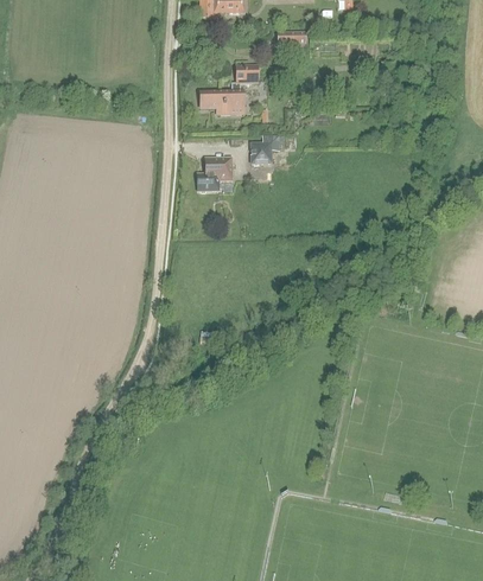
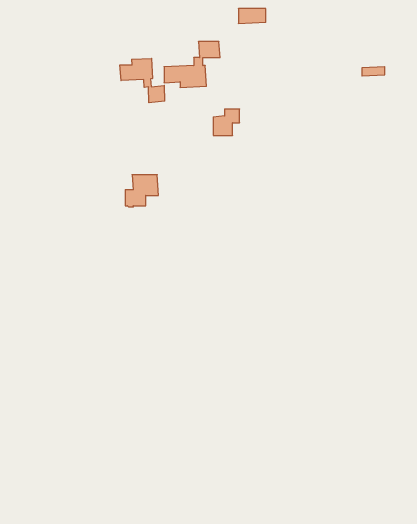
building: none -> [120,58,165,103]
building: [198,158,233,191] -> [125,175,158,207]

